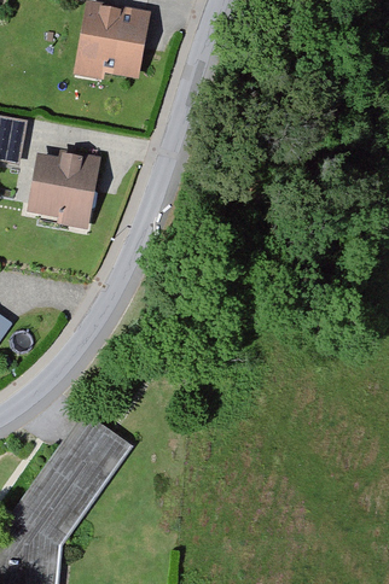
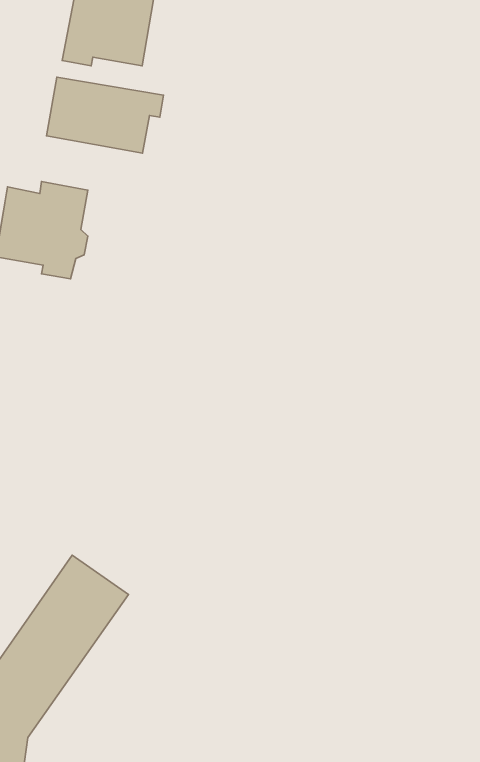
building: none -> [47,77,164,153]

